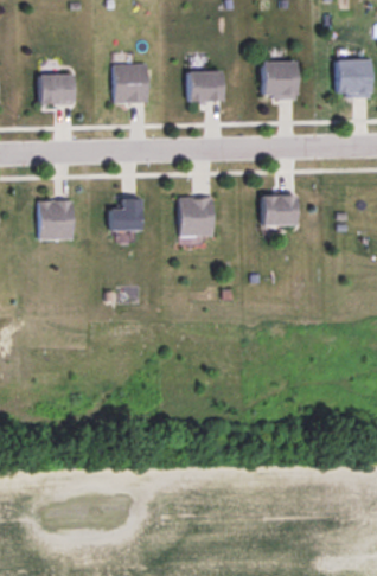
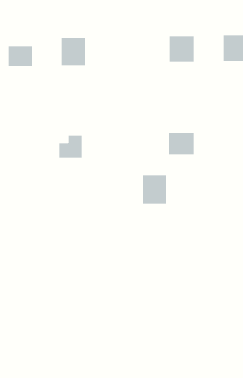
building: [187,71,223,101] -> none
building: [179,196,213,236] -> [142,175,167,204]
building: [38,199,74,239] -> none

